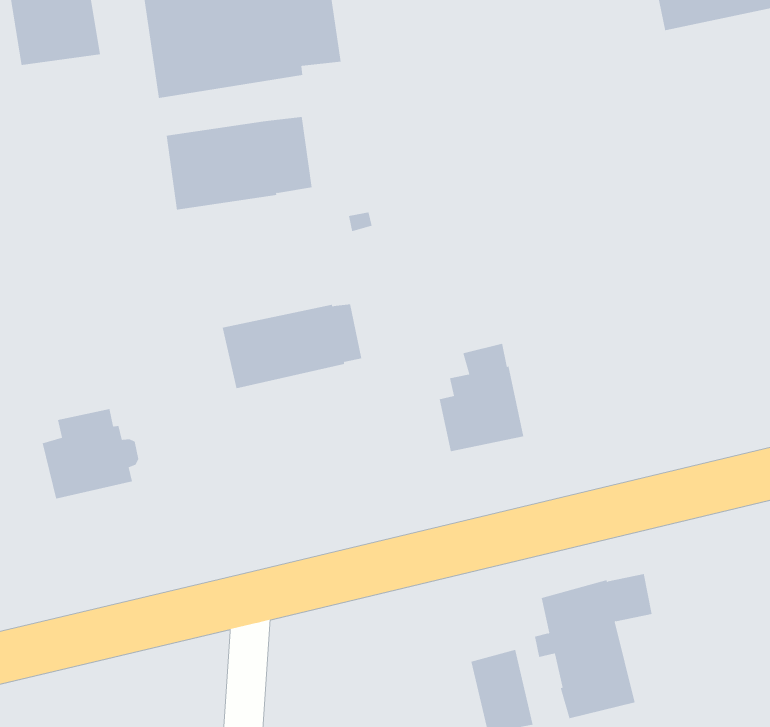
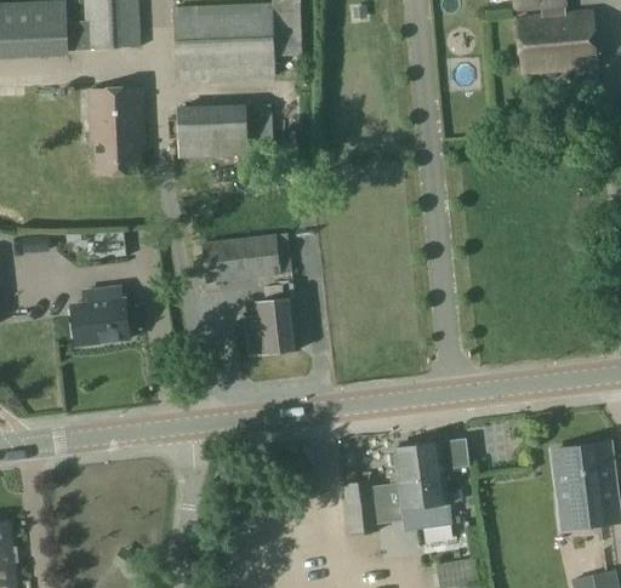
building: none -> [87,89,143,173]
building: [439,343,524,452] -> [245,282,300,352]

